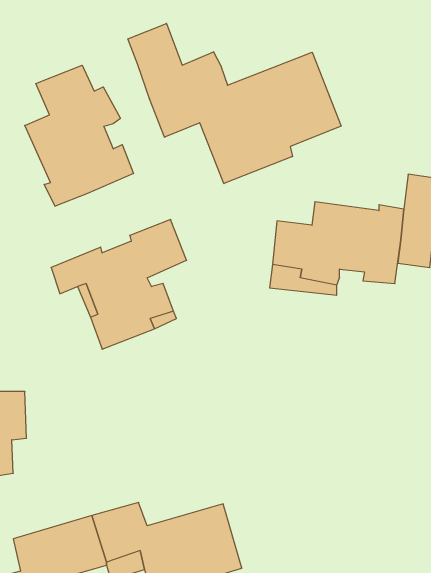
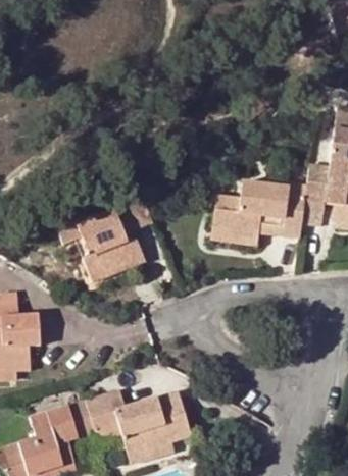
building: [128,23,341,184] -> none
building: [25,65,133,206] -> none

